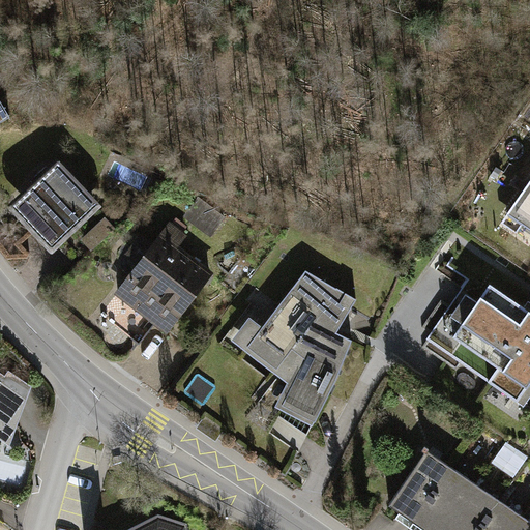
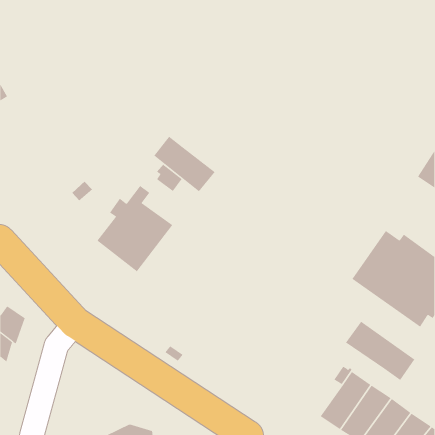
building: [13,165,96,247] -> none
building: none -> [154,136,215,192]
building: [246,272,355,422] -> none
building: none -> [345,321,415,381]

